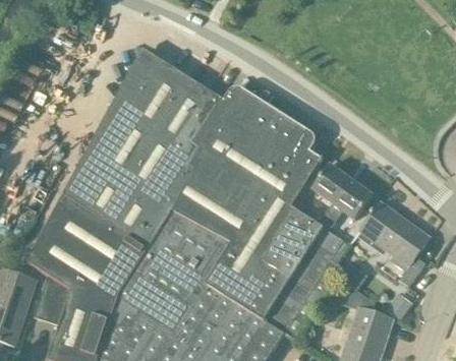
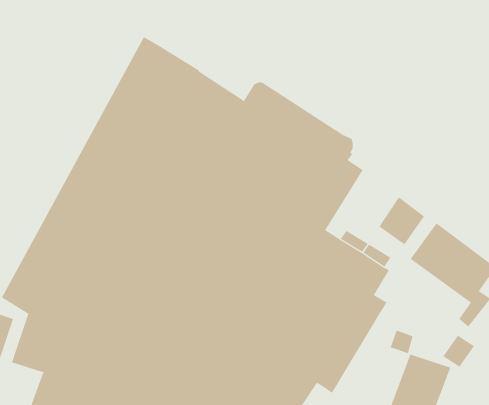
building: [311,165,350,204] -> none

